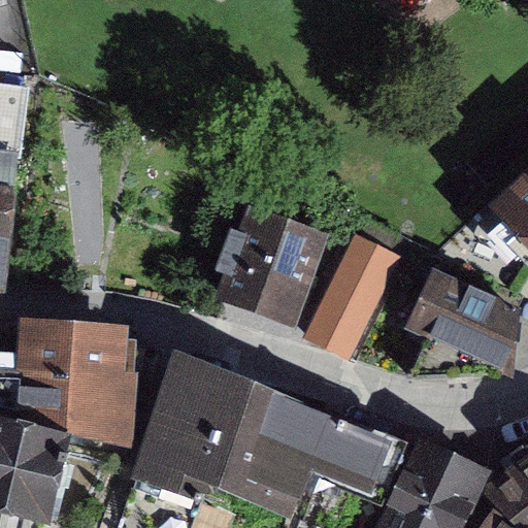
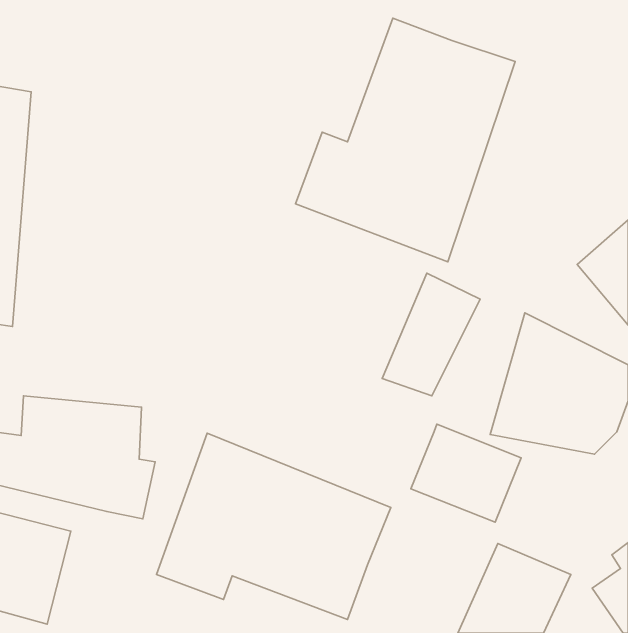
building: none -> [296,18,515,262]
building: [237,211,330,309] -> none
building: [305,416,397,497] -> [411,424,521,522]

